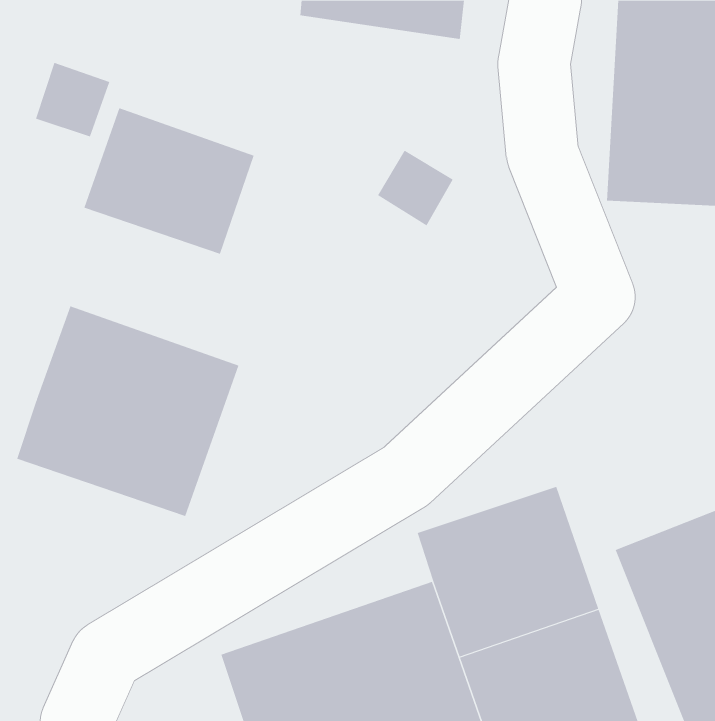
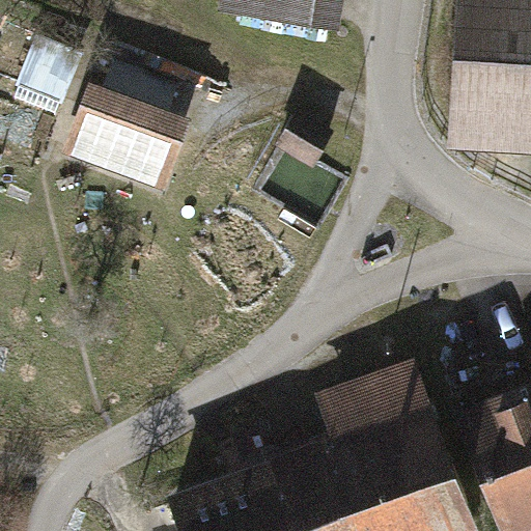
building: [17,306,239,517] -> none

